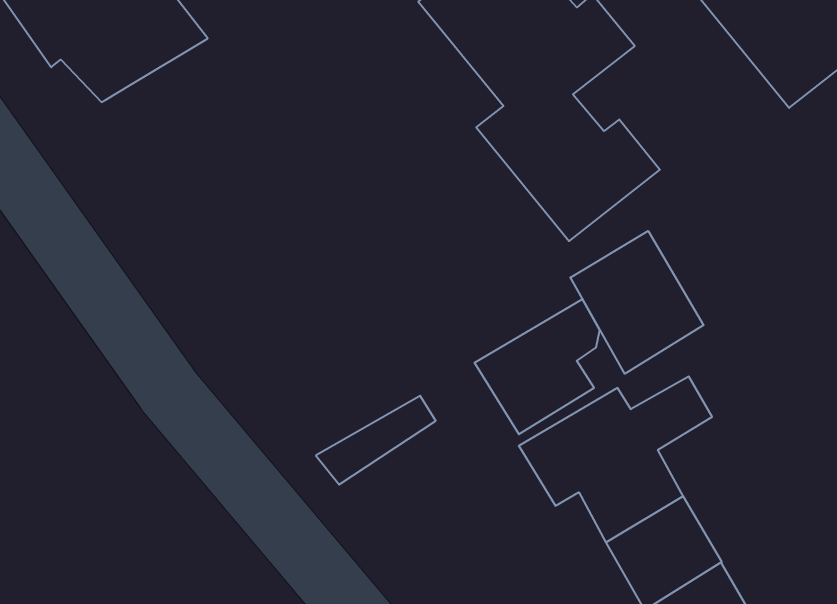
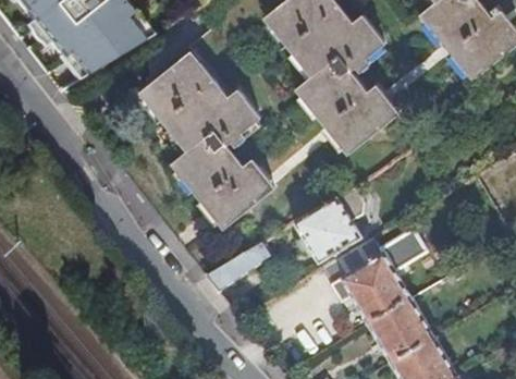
building: none -> [140,51,274,229]
building: [570,231,704,374] -> none

